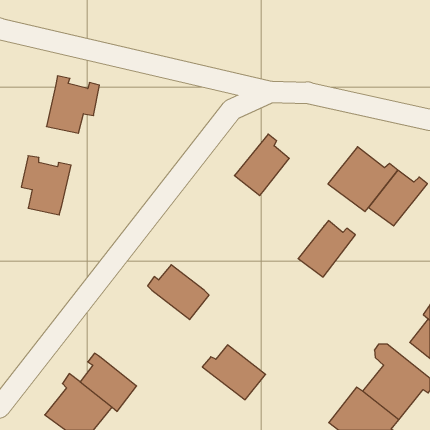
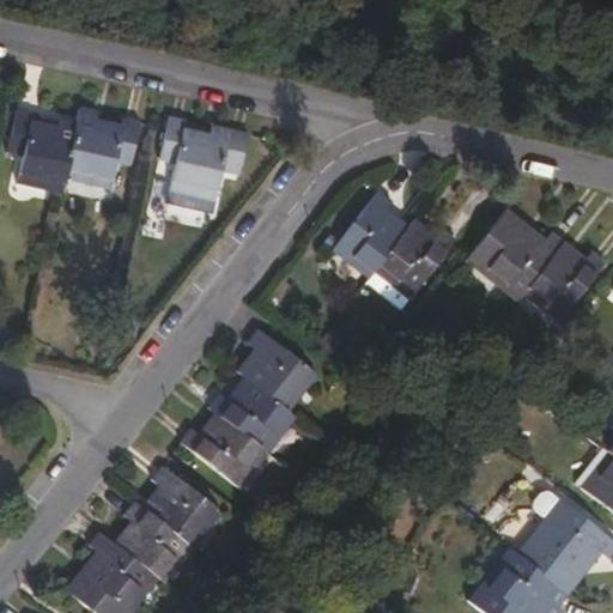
building: none -> [162,116,250,200]
building: [21,156,71,215] -> [8,109,79,193]
building: [298,221,355,277] -> [374,218,455,298]
building: none -> [236,329,317,412]
building: none -> [141,466,223,548]
building: [202,345,266,400] -> [180,412,269,490]

